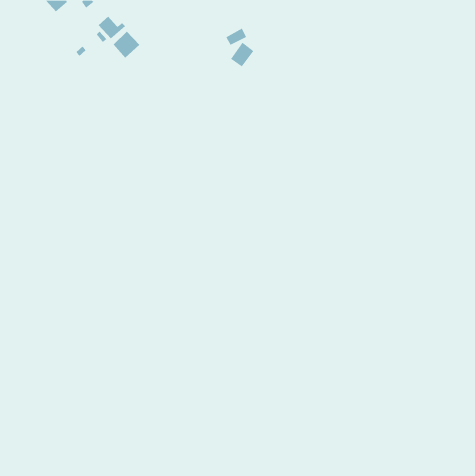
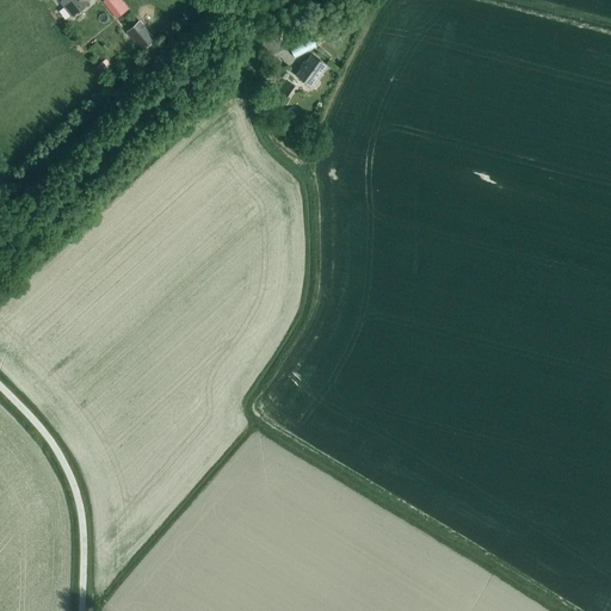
building: [113,31,140,58] -> none

